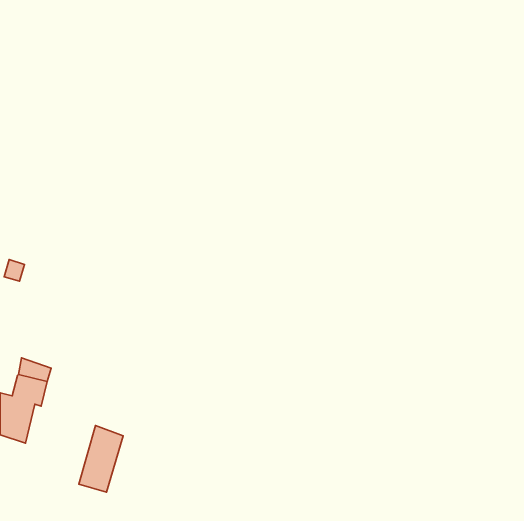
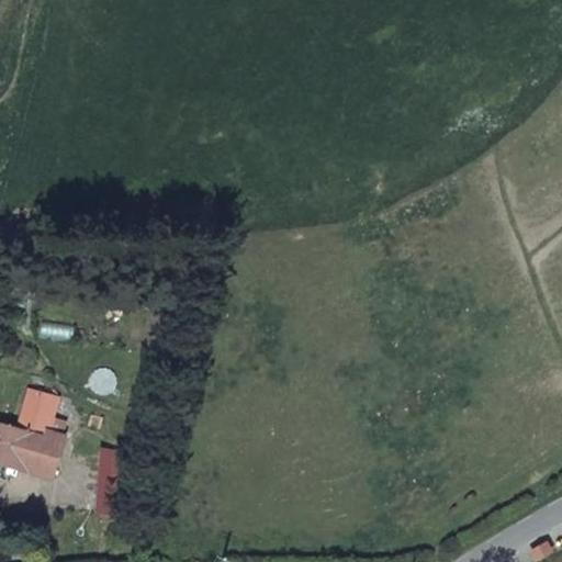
building: none -> [27,408,63,481]

